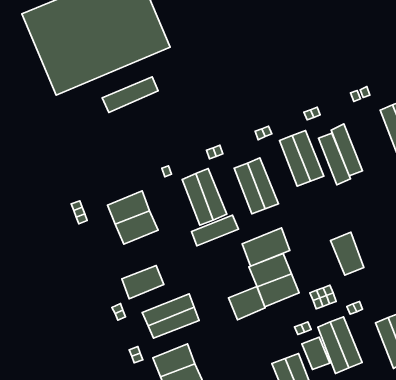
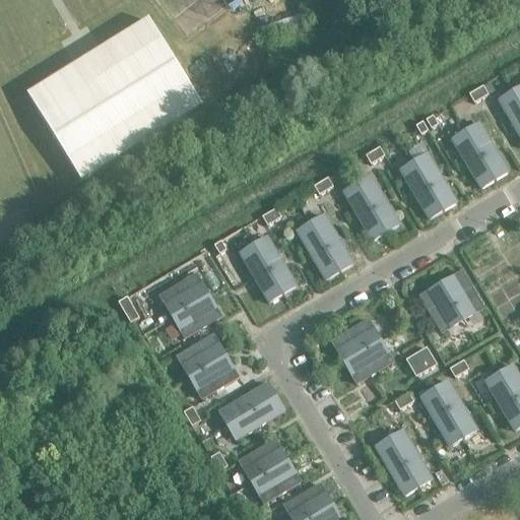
building: [102,77,158,113] -> none
building: [318,133,350,185] -> [413,151,457,209]
building: [192,215,238,246] -> none
building: none -> [441,269,483,319]
building: [242,228,290,266] -> none
building: none -> [177,333,225,376]
building: [229,286,265,320] -> none
building: [302,337,330,370] -> none

